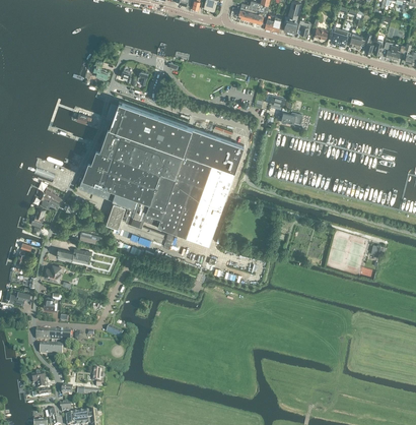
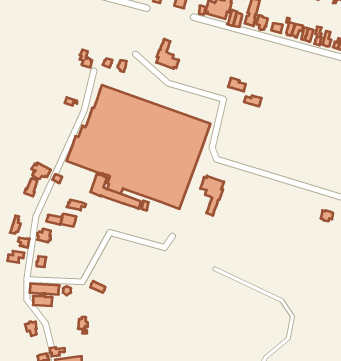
building: none -> [156,39,179,69]
building: none -> [200,176,224,216]

